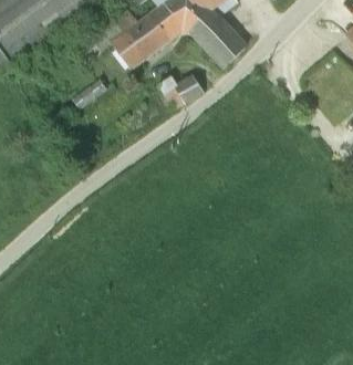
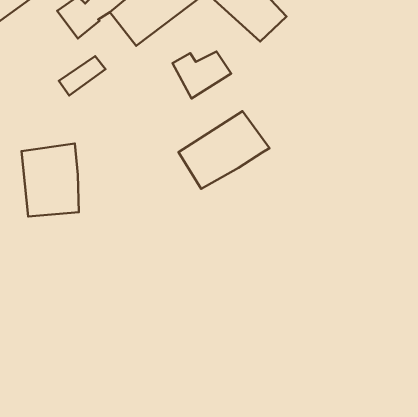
building: none -> [178,111,269,189]
building: none -> [21,143,79,217]

